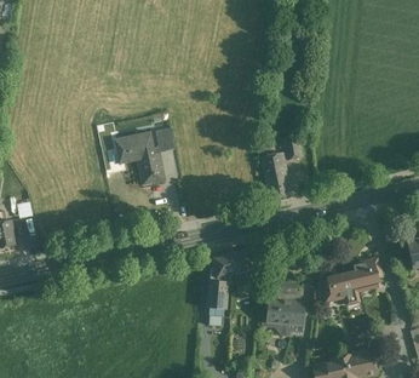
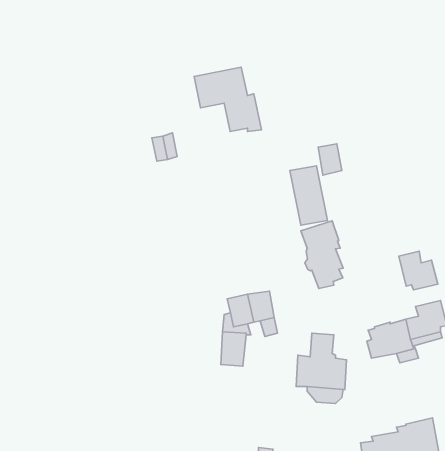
building: [114,132,166,182] -> [194,67,262,131]
building: none -> [301,221,343,288]
building: none -> [399,251,438,290]

